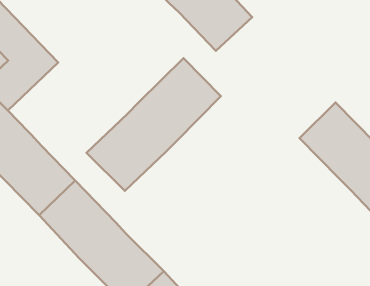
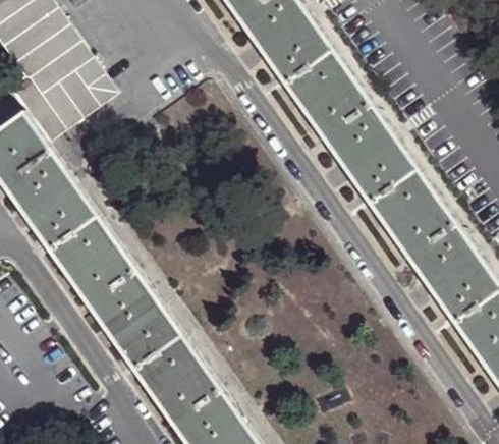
building: none -> [298,71,431,223]
building: [86,58,221,191] -> none

